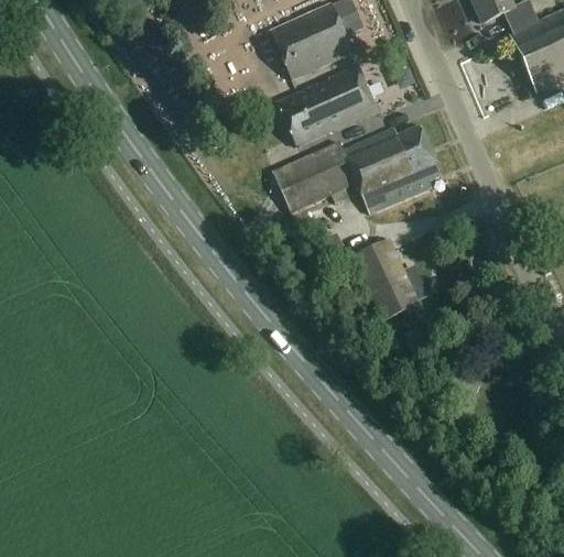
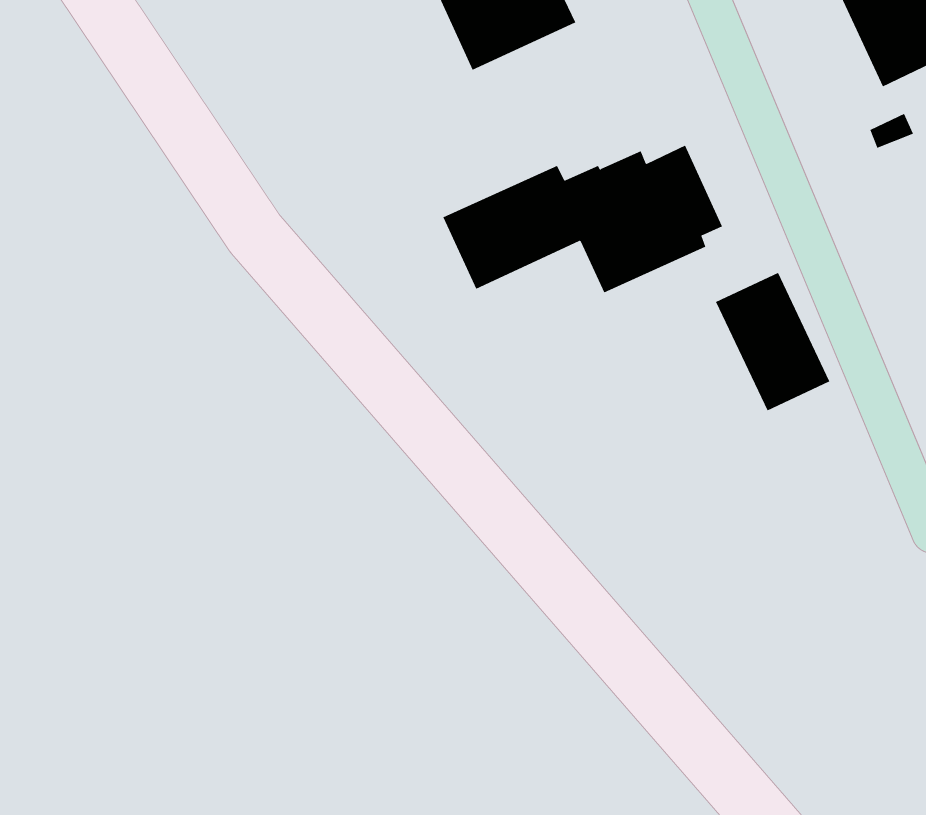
building: [274,69,381,148] -> none
building: [354,236,422,318] -> [715,272,830,411]

